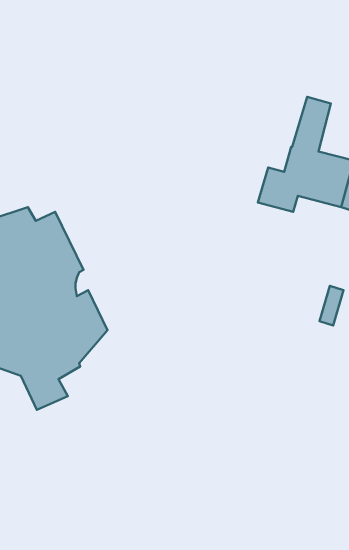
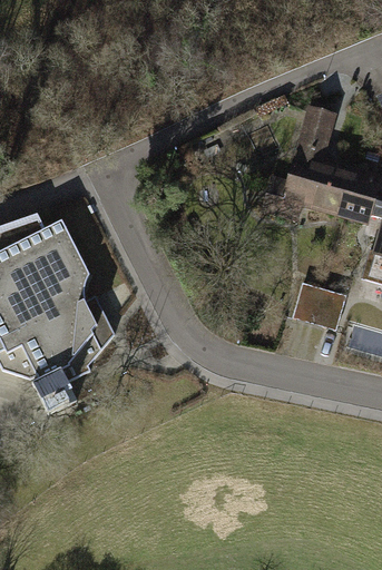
building: none -> [292,283,331,325]

